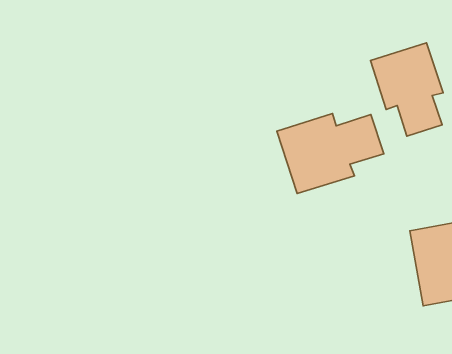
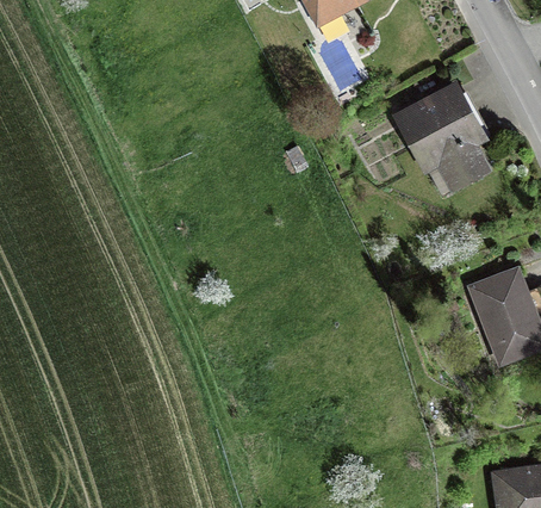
building: [277,113,384,194] -> none

